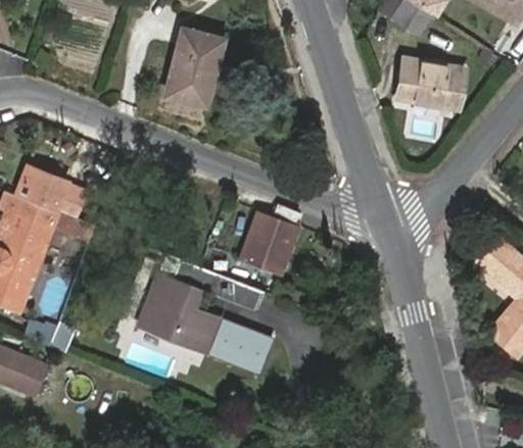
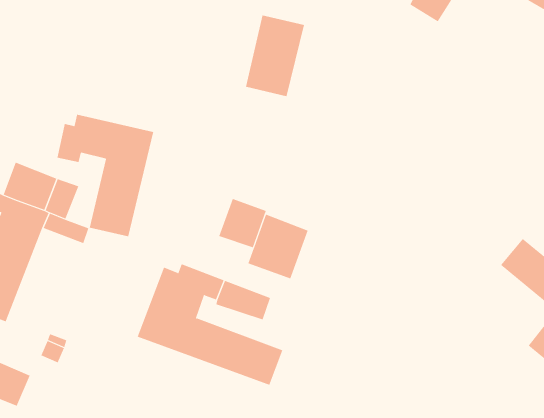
building: [165,29,221,104] -> [245,15,305,97]
building: [398,61,463,107] -> none
building: none -> [57,114,154,237]
building: none -> [218,198,267,248]

